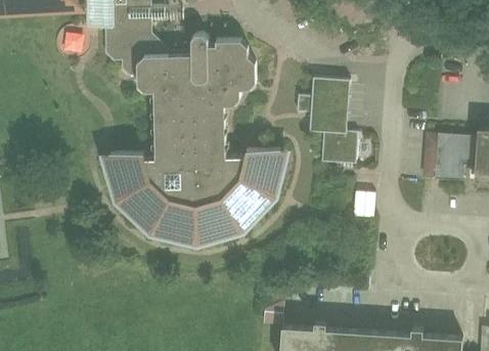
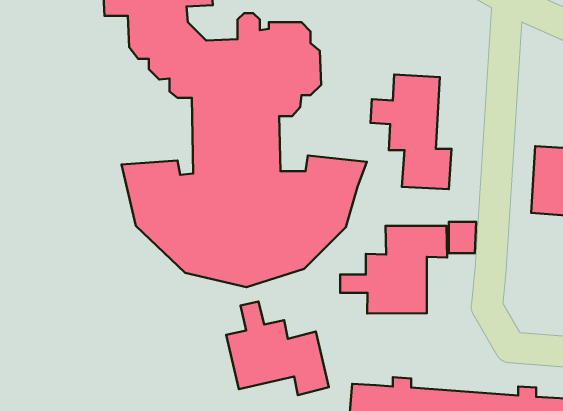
building: none -> [340,226,447,313]
building: none -> [226,301,329,395]

